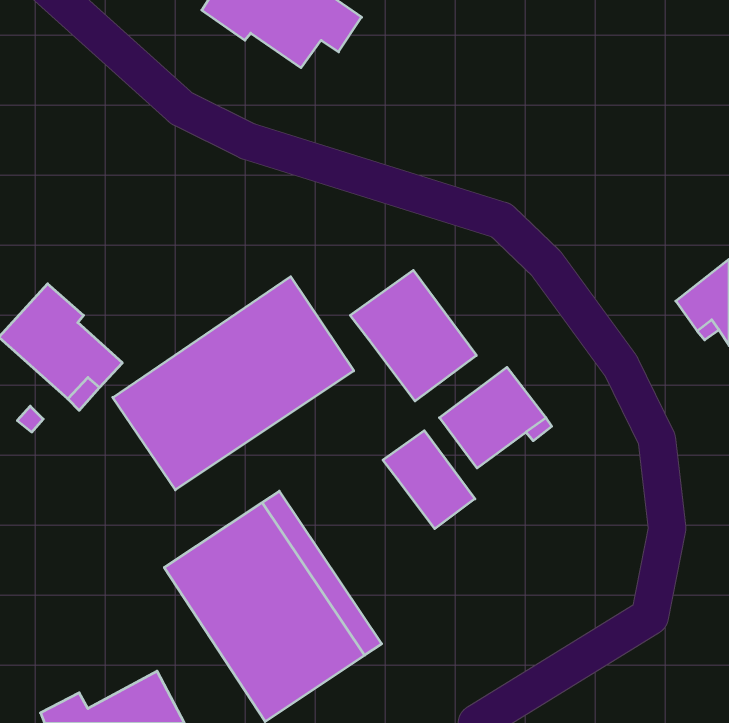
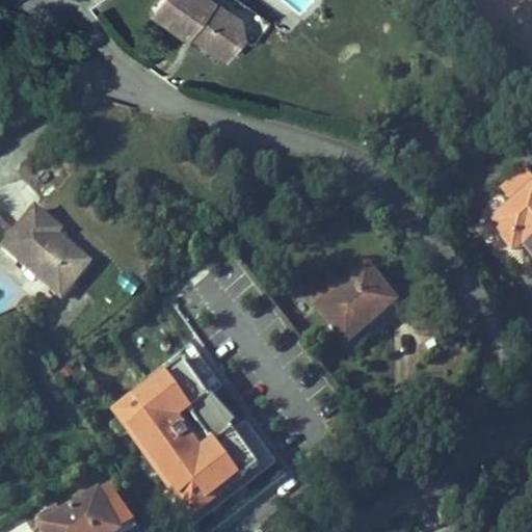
building: [350,270,476,401] -> none
building: [113,277,354,490] -> none
building: [383,431,475,529] -> none

